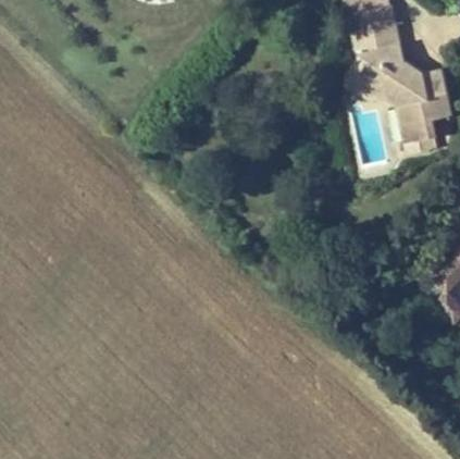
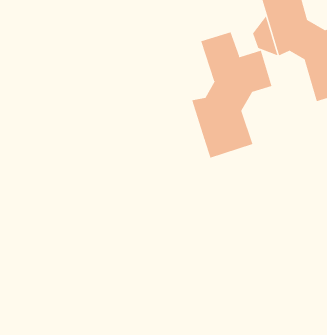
building: none -> [191,31,272,158]

